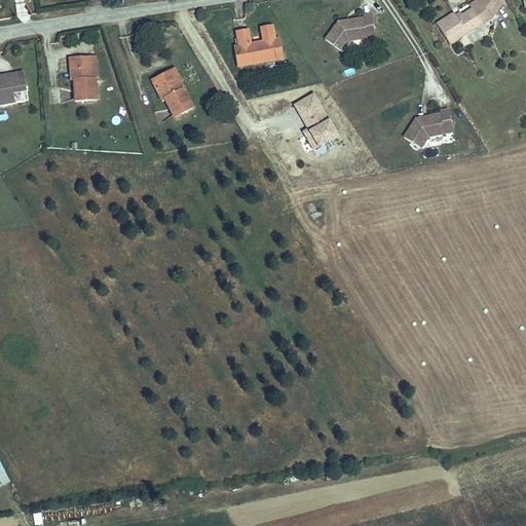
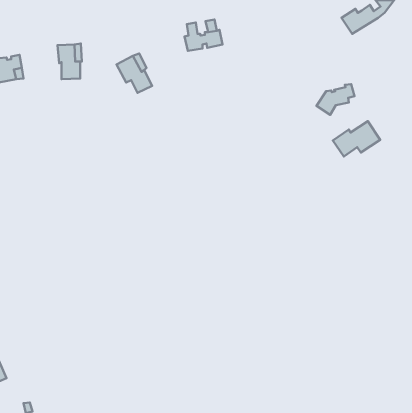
building: [325,13,372,50] -> none
building: [291,91,337,149] -> none
building: none -> [333,121,380,156]

